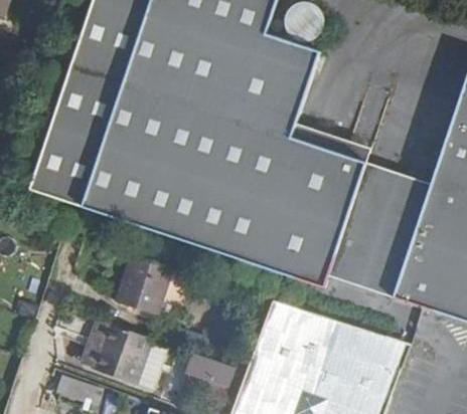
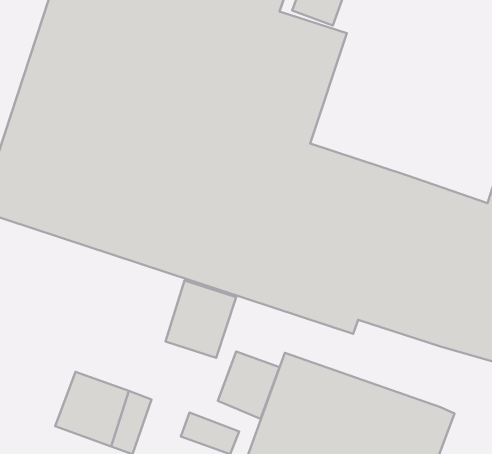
building: [117,256,173,318] -> [165,281,236,358]
building: none -> [218,352,280,419]

